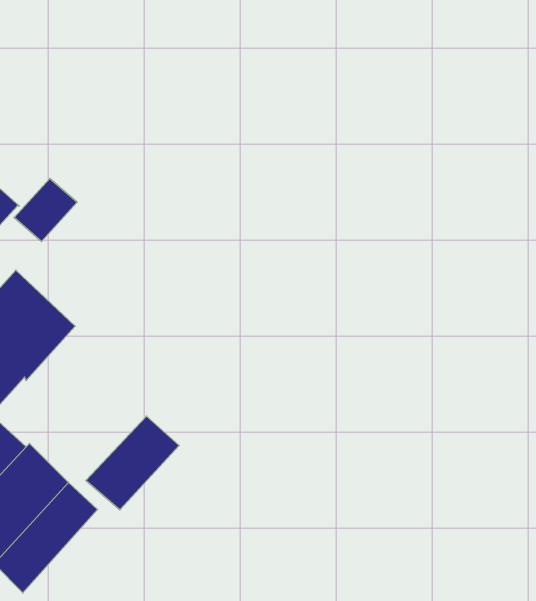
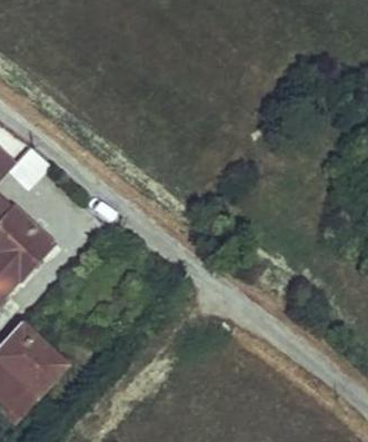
building: [86,416,179,510] -> none

